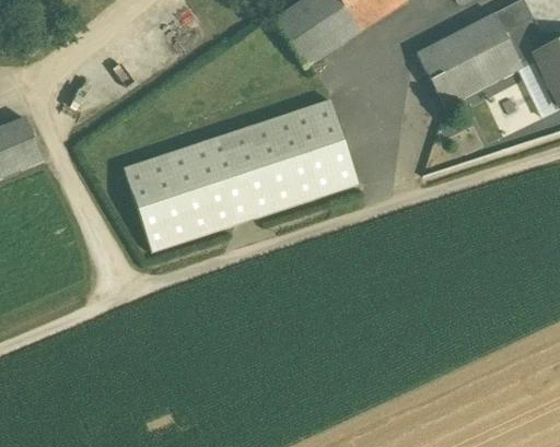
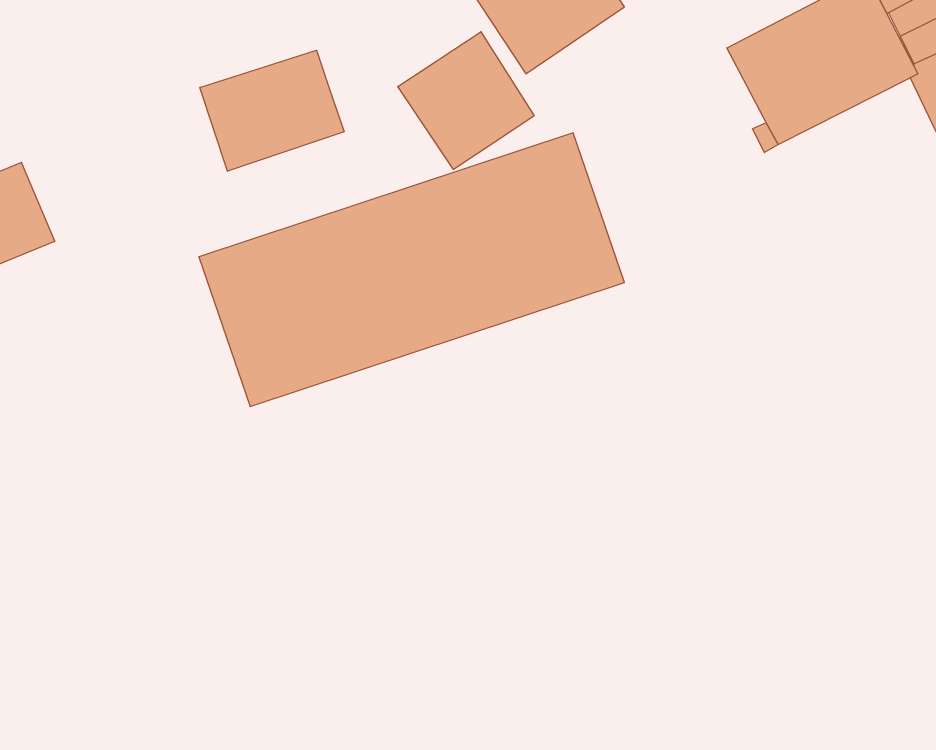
building: none -> [398,32,534,169]
building: none -> [200,50,344,171]

